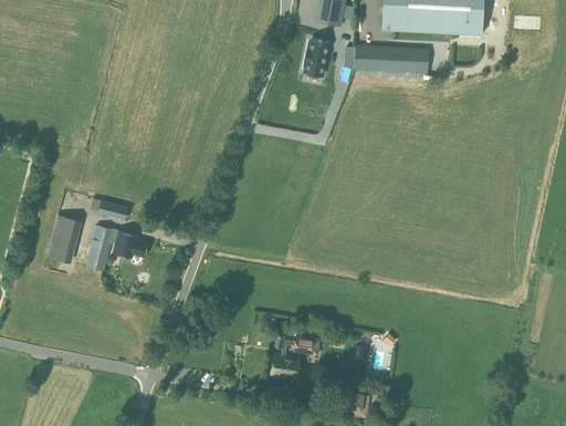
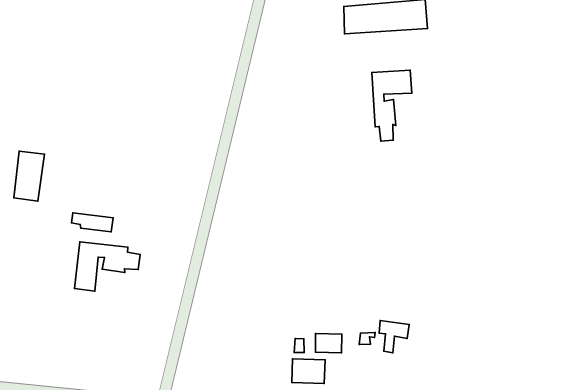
building: [306,40,331,75] -> none
building: none -> [372,70,412,141]
building: [49,216,81,262] -> [14,151,44,201]

